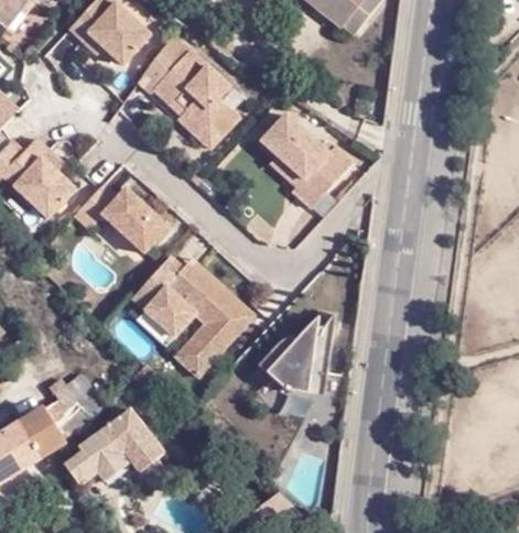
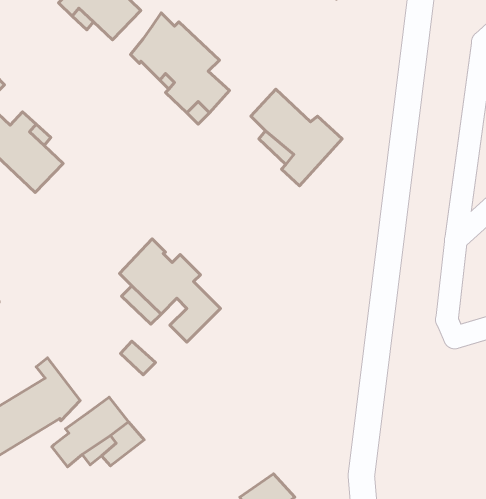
building: [75,180,169,251] -> none
building: [173,263,247,376] -> none
building: [260,318,335,402] -> none

